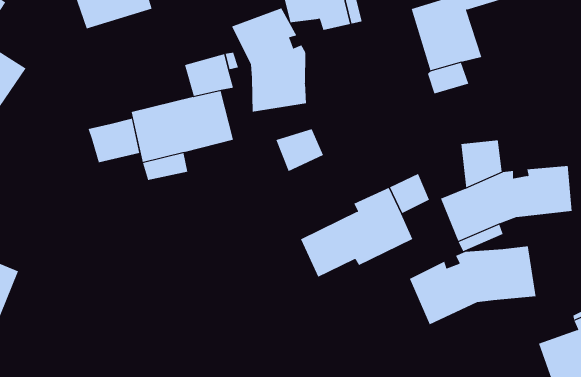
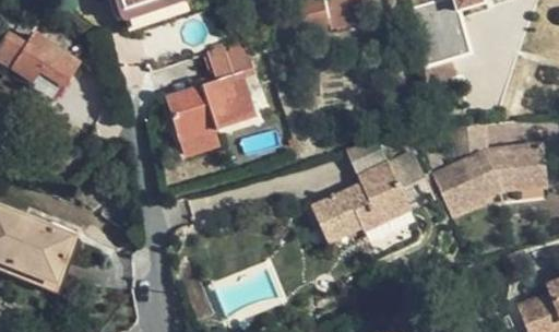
building: [231,8,306,113] -> none
building: [88,118,140,163] -> none
building: [275,128,324,172] -> [348,141,390,178]
building: [409,245,536,325] -> none

